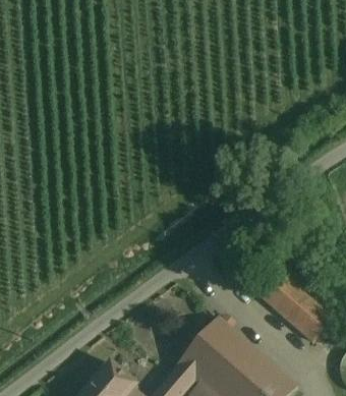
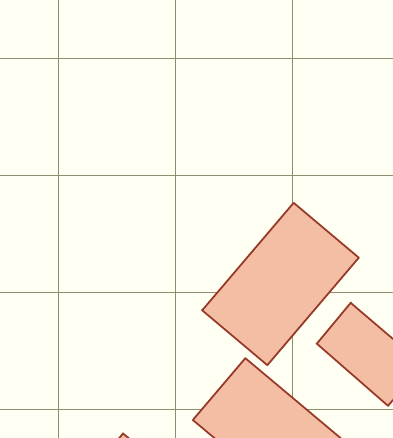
building: none -> [202,203,359,365]

